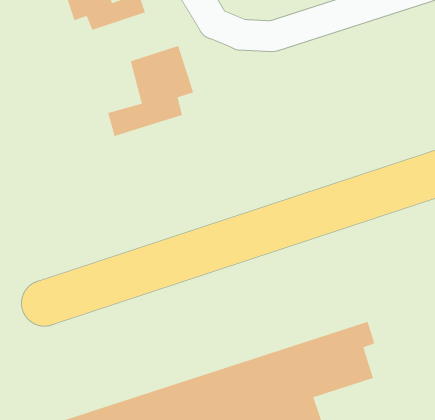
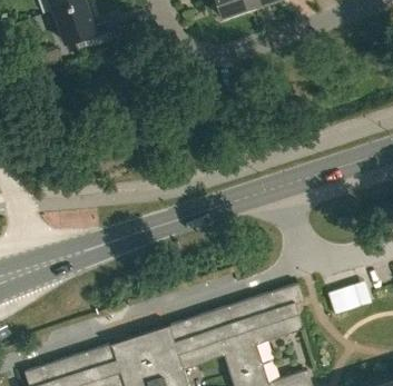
building: [107,45,194,137] -> none

